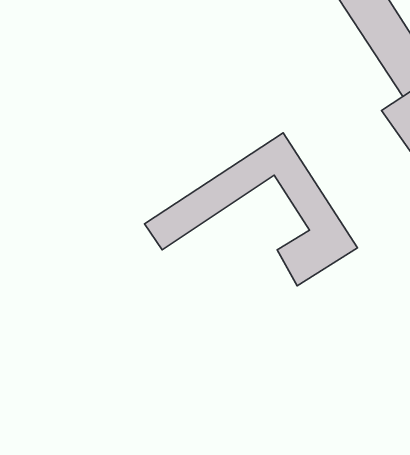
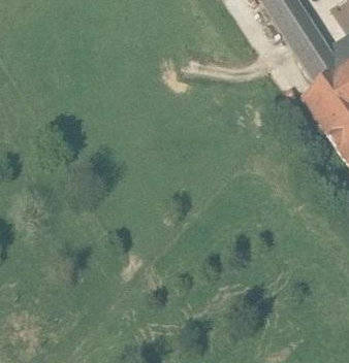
building: [144,133,357,286] -> none

